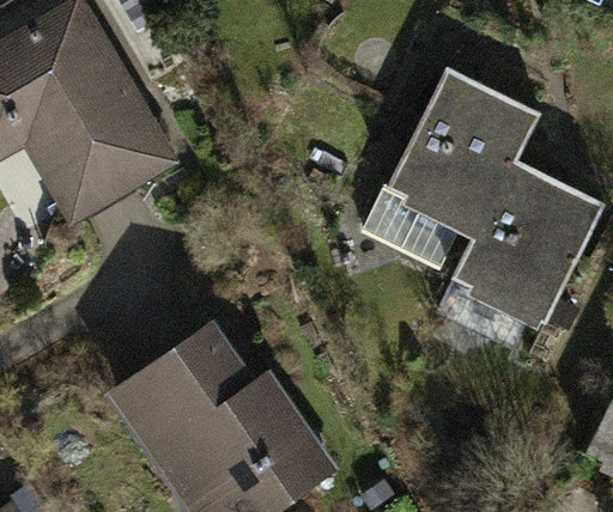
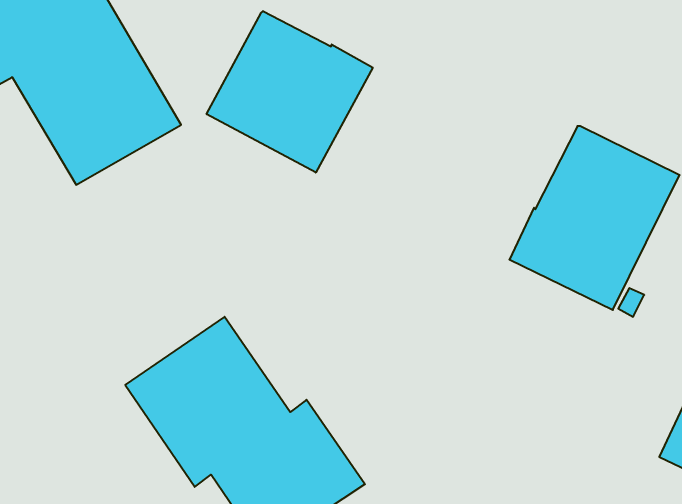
building: none -> [207,11,373,173]
building: [362,67,540,268] -> none

